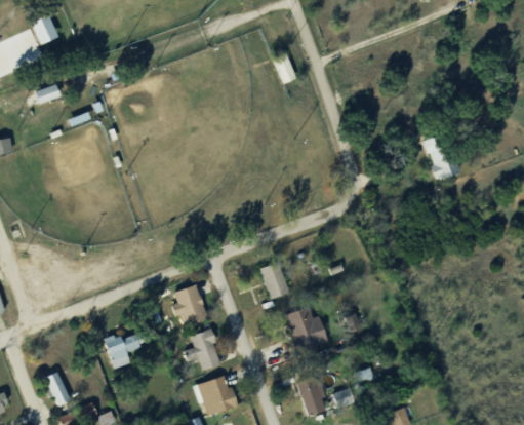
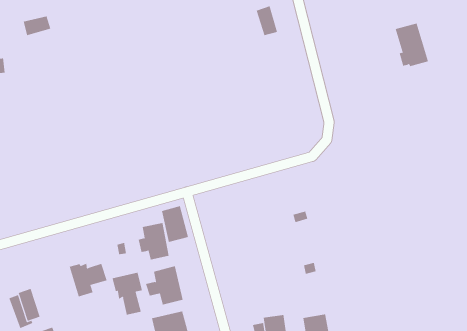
building: [424,132,461,179] -> [395,23,429,67]
building: [259,262,290,301] -> [161,206,189,242]
building: [283,303,328,356] -> none
building: none -> [112,272,142,316]

